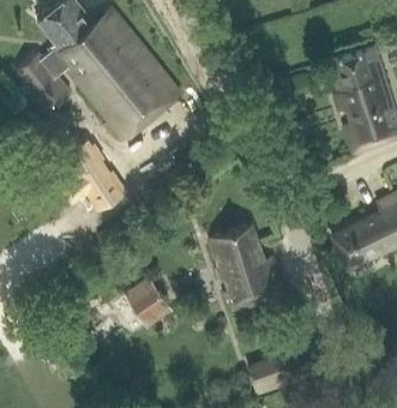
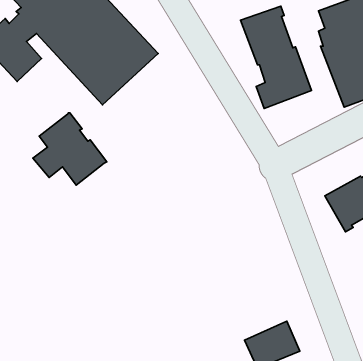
building: none -> [241,6,312,108]
building: [207,220,283,307] -> none
building: [124,277,170,328] -> none

